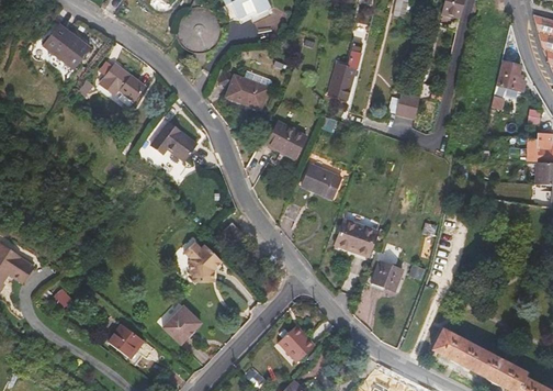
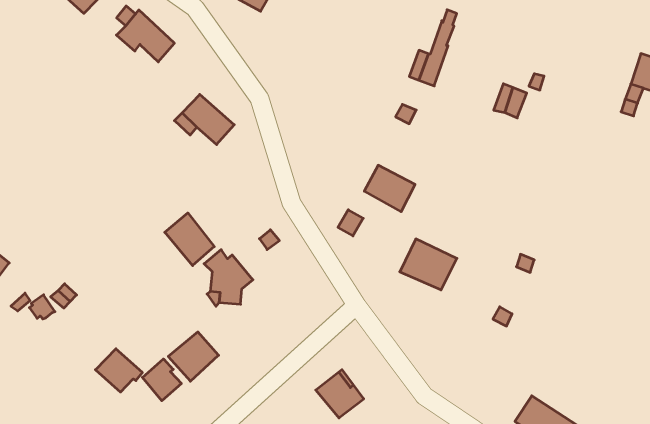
building: [217,69,269,109] -> none
building: [266,121,305,158] -> none
building: none -> [165,213,214,266]
building: [370,260,403,291] -> none
building: none -> [142,359,181,401]

